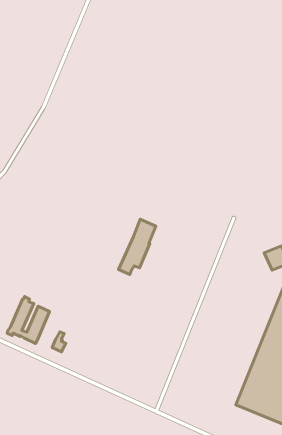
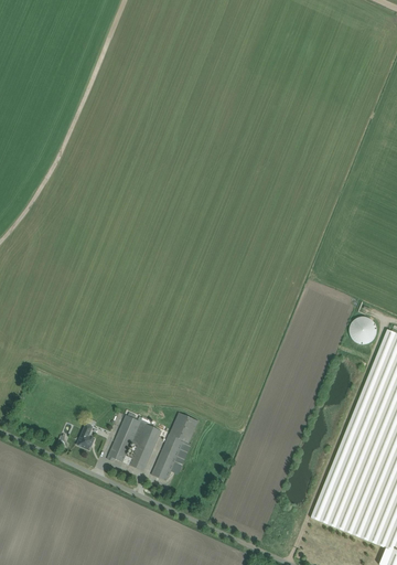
building: [119,219,156,275] -> [151,412,199,482]
building: [7,297,50,343] -> [107,412,161,471]

